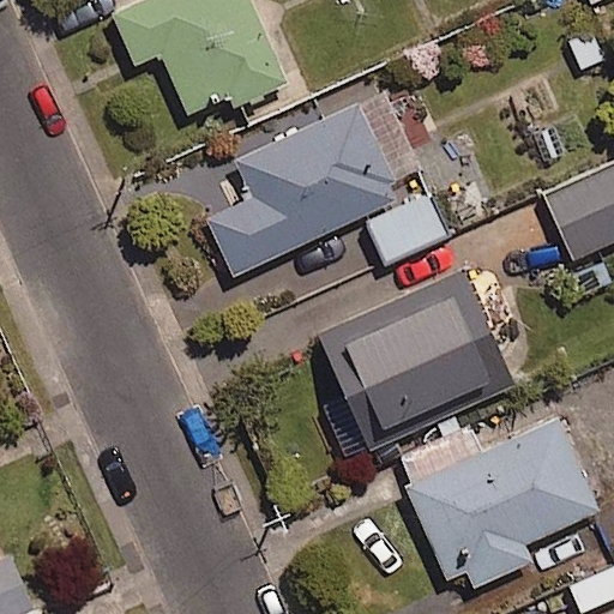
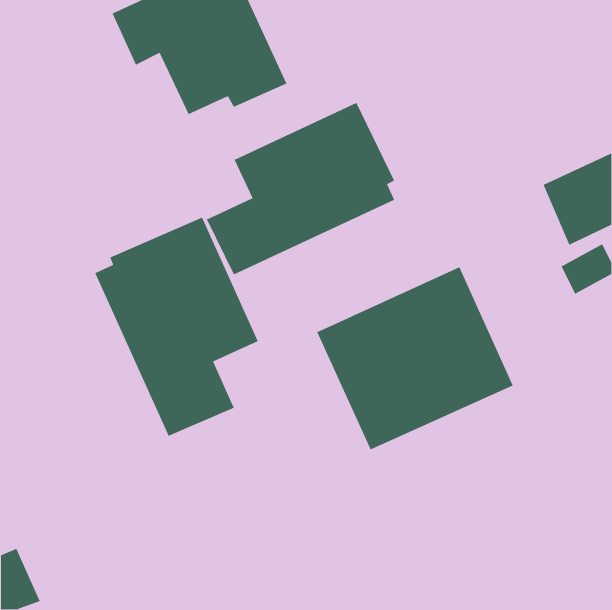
building: none -> [94,216,259,437]
building: [404,416,602,589] -> none

